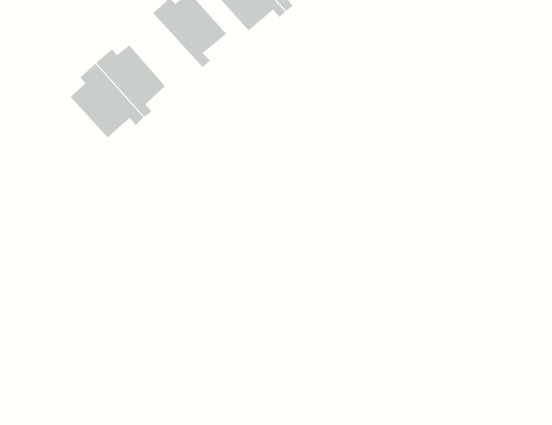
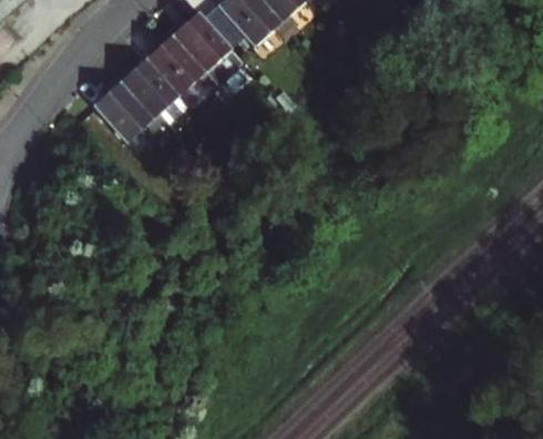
building: none -> [148,28,215,94]

